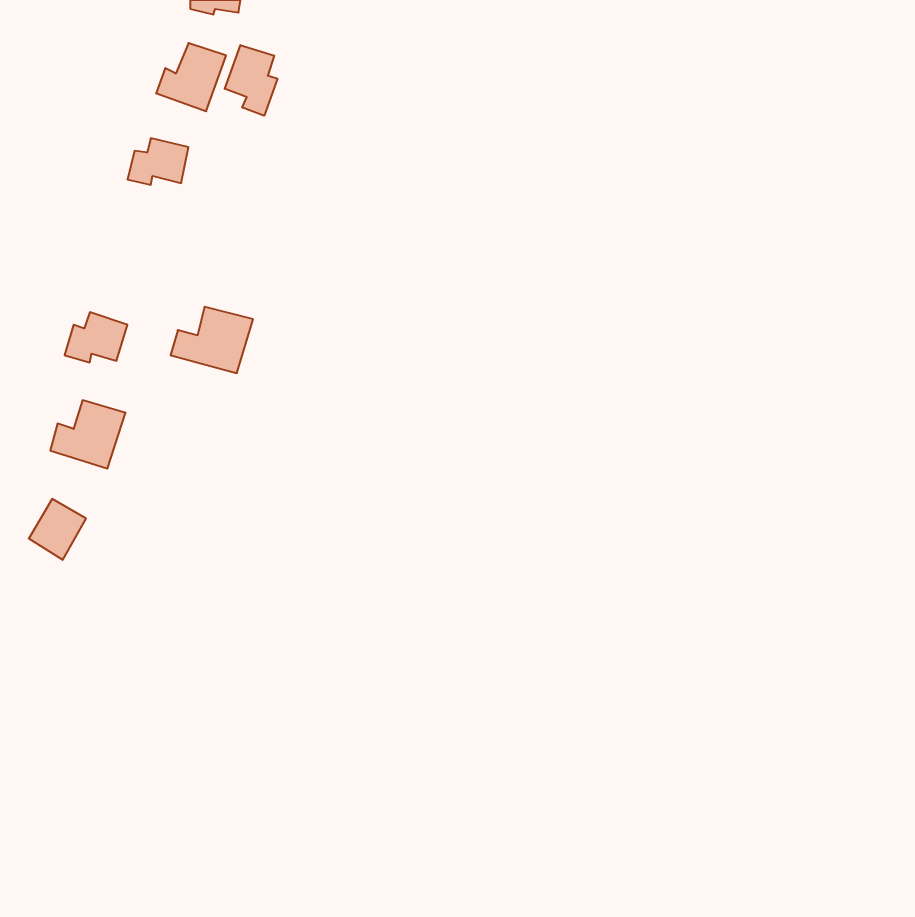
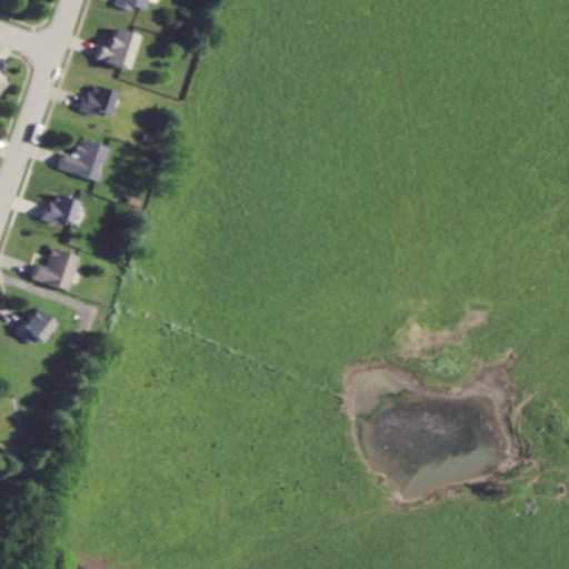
building: [225,45,277,116] -> none
building: [171,307,253,373] -> [58,139,109,180]

